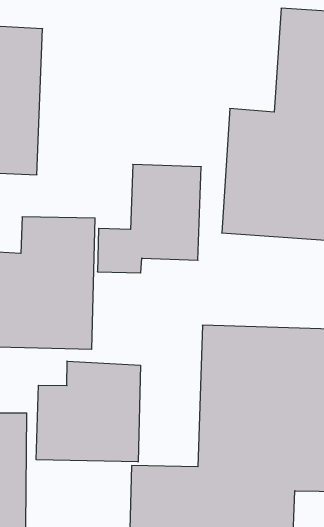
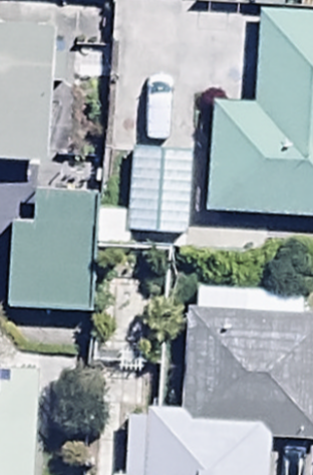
building: [36,361,140,462] -> none

